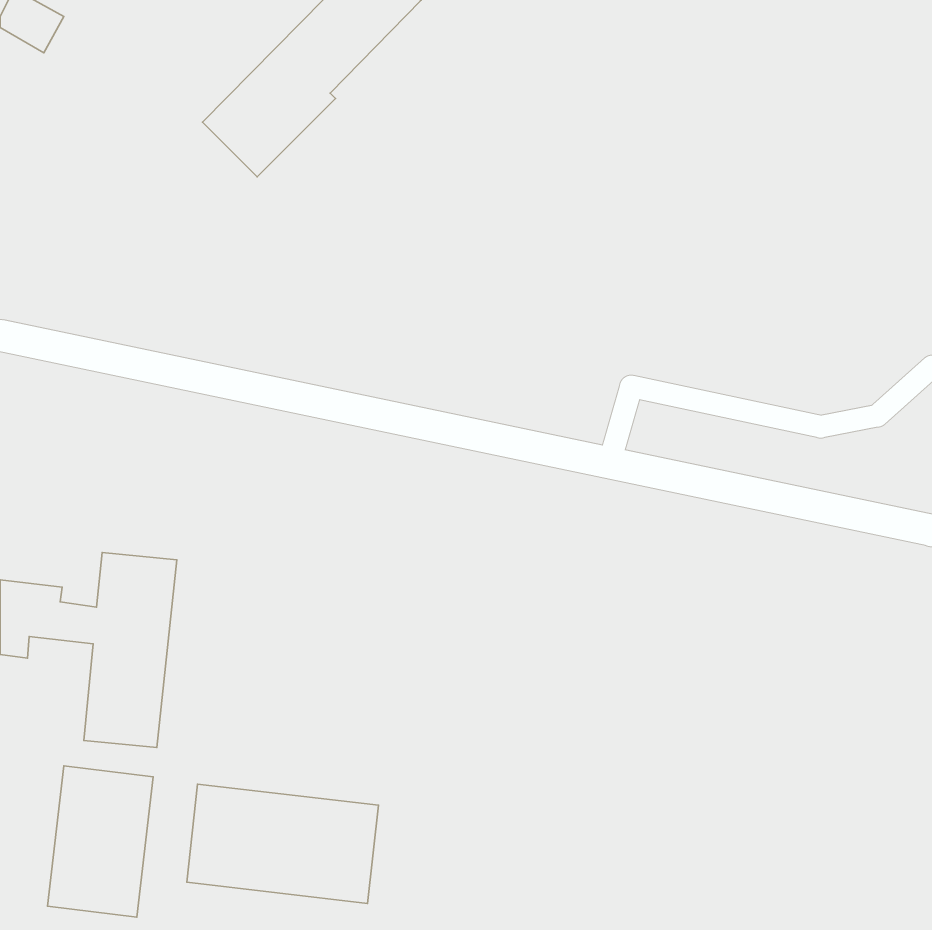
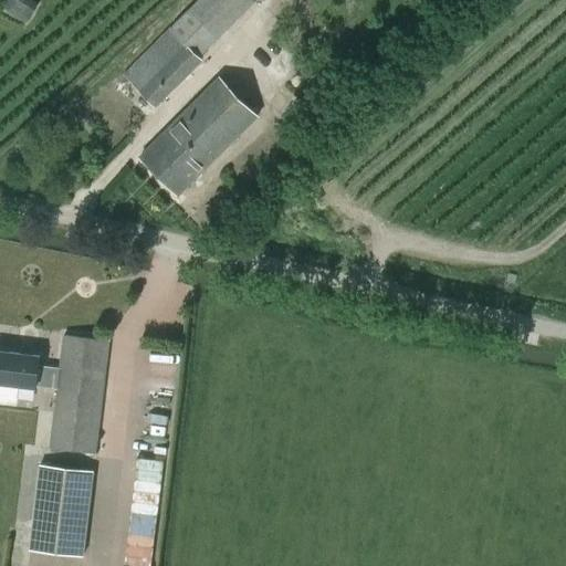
building: none -> [142,81,258,197]
building: [187,784,378,903] -> none

